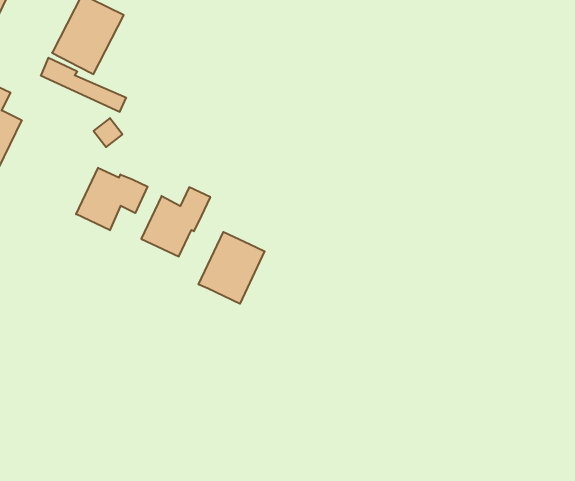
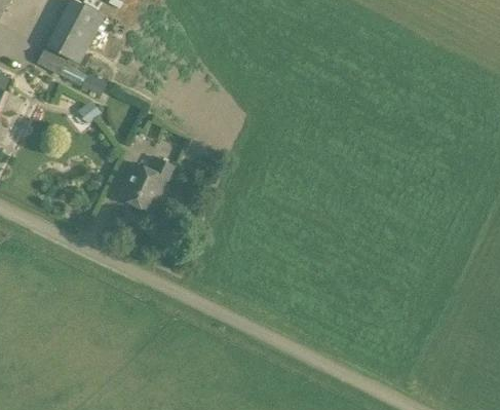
building: [76,168,148,230] -> none
building: [199,232,265,304] -> none

